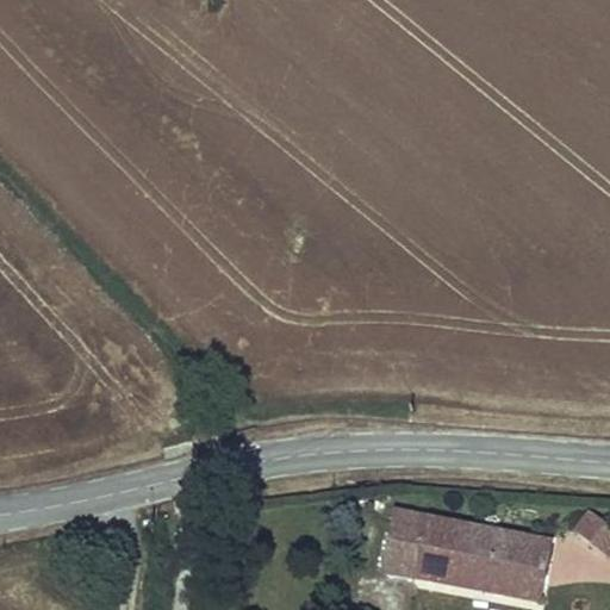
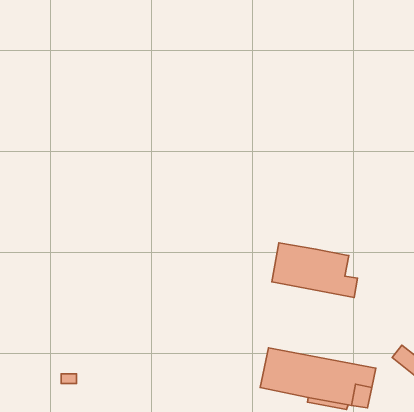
building: none -> [272,243,357,297]

